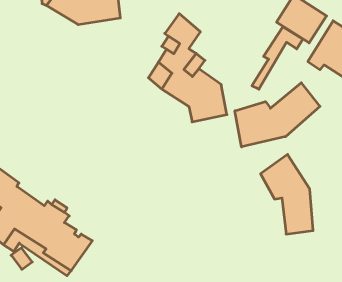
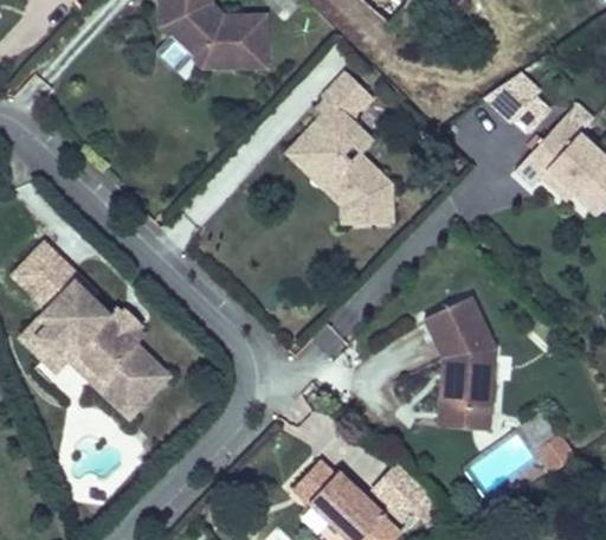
building: [252,27,303,89] -> none
building: [235,83,320,147] -> none
building: none -> [436,354,488,425]

